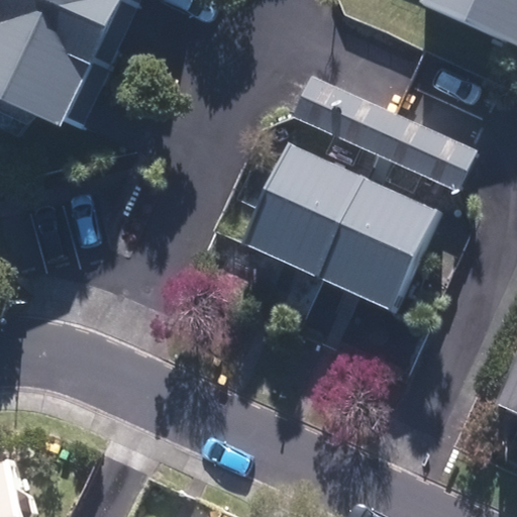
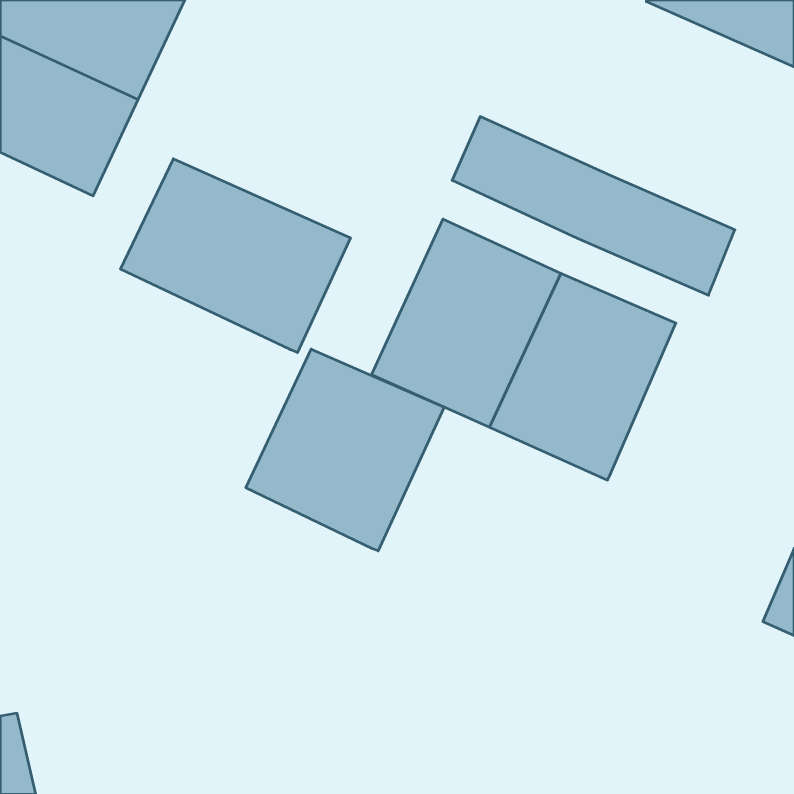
building: none -> [121,159,350,353]
building: none -> [246,349,444,551]

